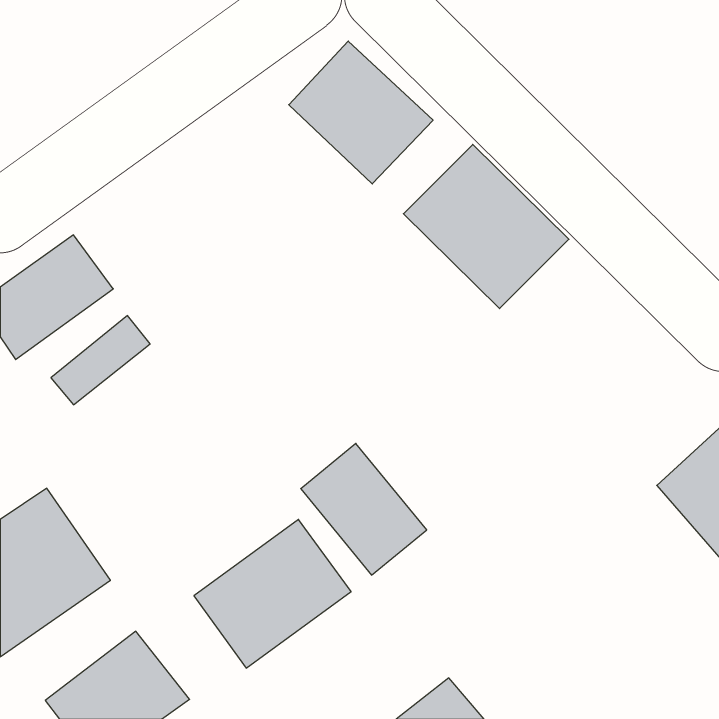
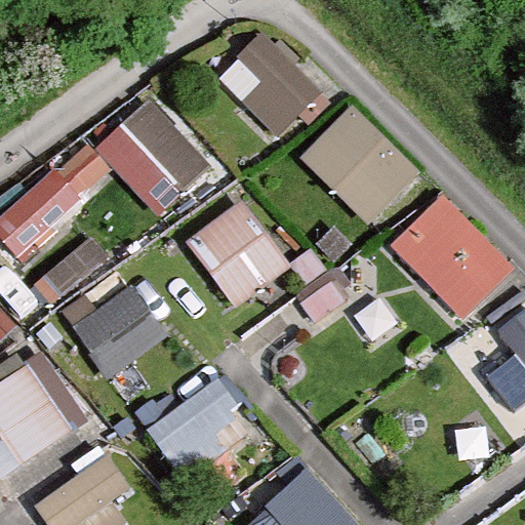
building: none -> [97,99,202,205]
building: none -> [396,198,517,319]
building: none -> [72,287,163,376]
building: [301,443,427,575] -> [191,206,282,301]

